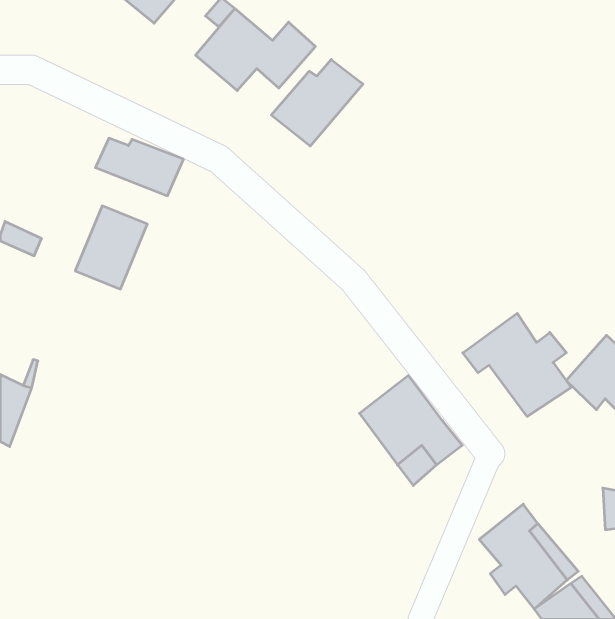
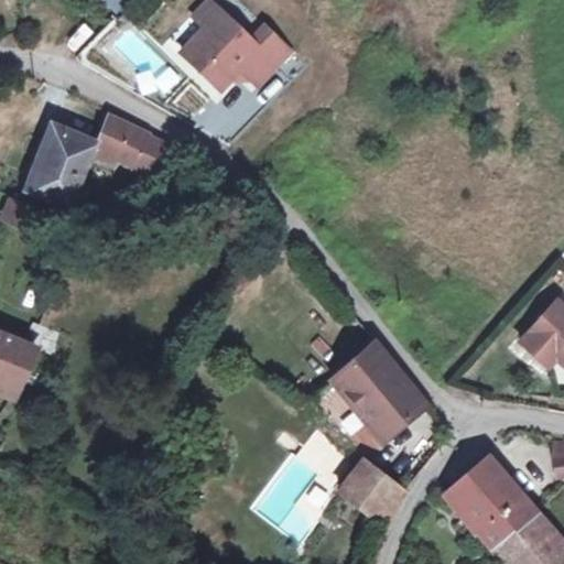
building: [271,59,363,146] -> none
building: [75,206,147,289] -> [31,132,96,207]
building: [463,313,571,416] -> none
building: none -> [339,457,403,517]

